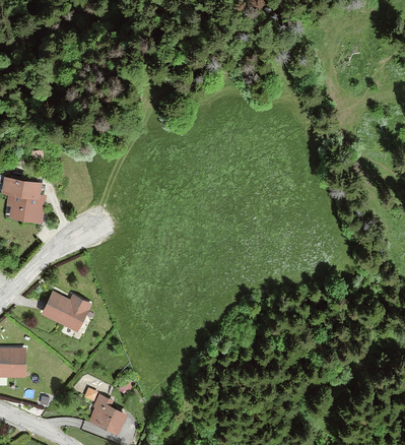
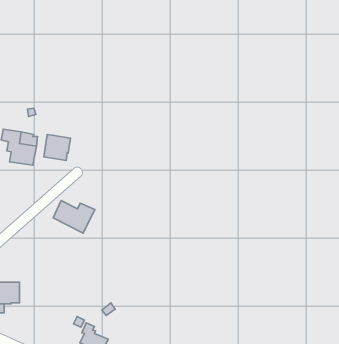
building: none -> [44,134,71,160]
building: [44,294,90,330] -> [53,201,95,233]

